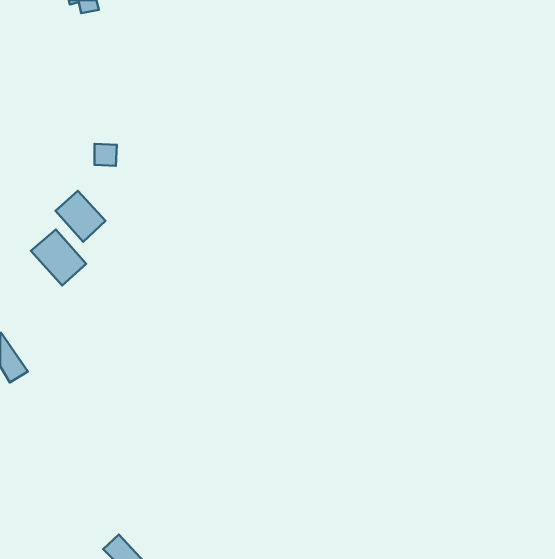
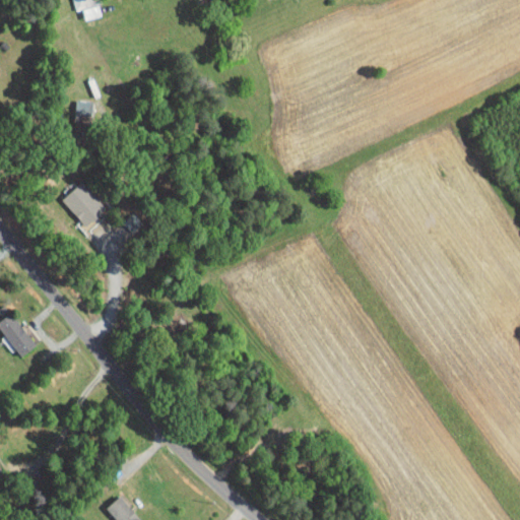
building: [95,144,117,166] -> [71,101,91,121]
building: [31,230,86,285] -> none

